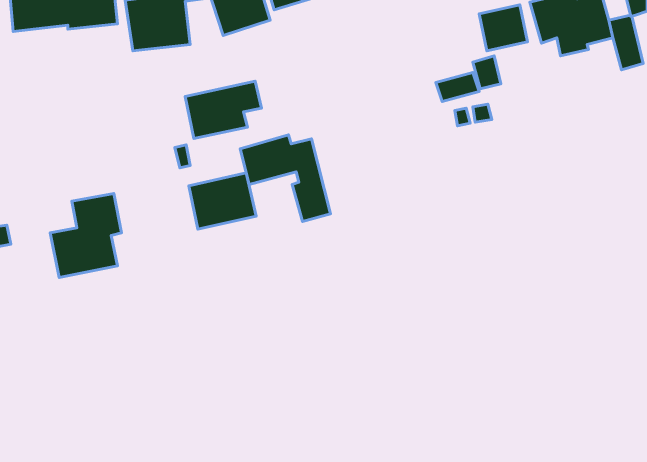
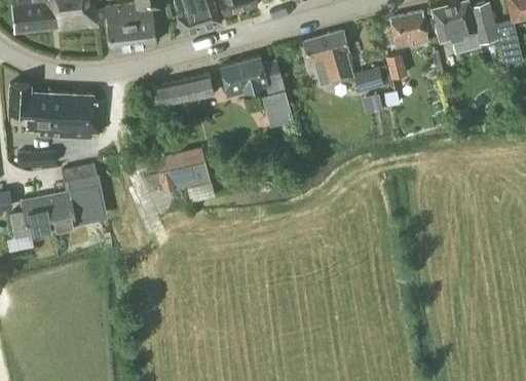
building: none -> [302,30,353,86]
building: none -> [7,83,101,140]
building: [240,135,330,222] -> [220,55,293,125]
building: none -> [10,195,50,237]

